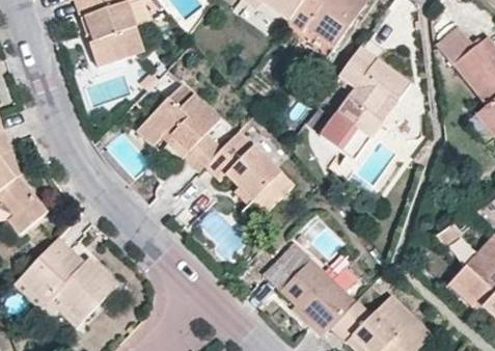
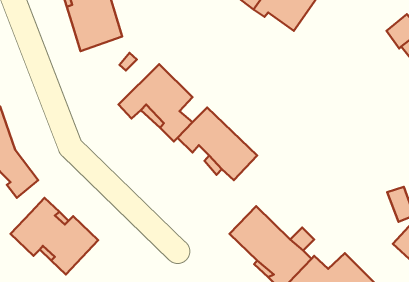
building: [322,46,412,160] -> none

